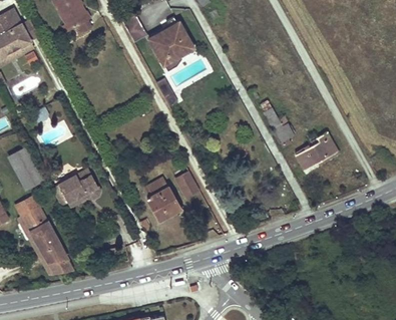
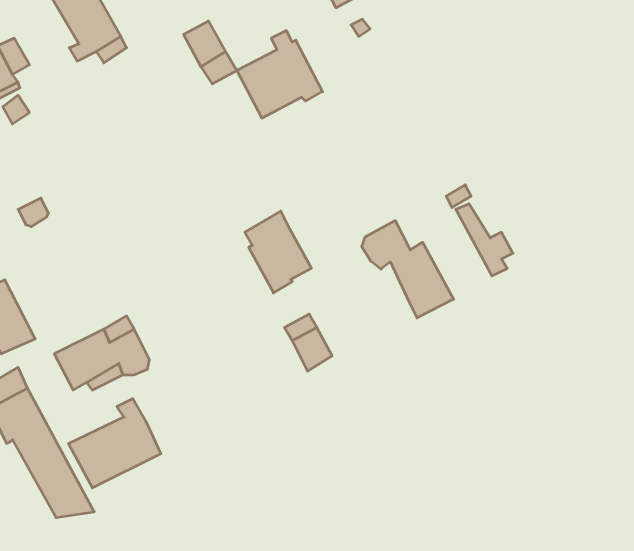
building: none -> [362,221,454,318]
building: [296,132,338,170] -> none
building: [144,179,179,222] -> [245,211,311,293]
building: none -> [69,399,161,488]

